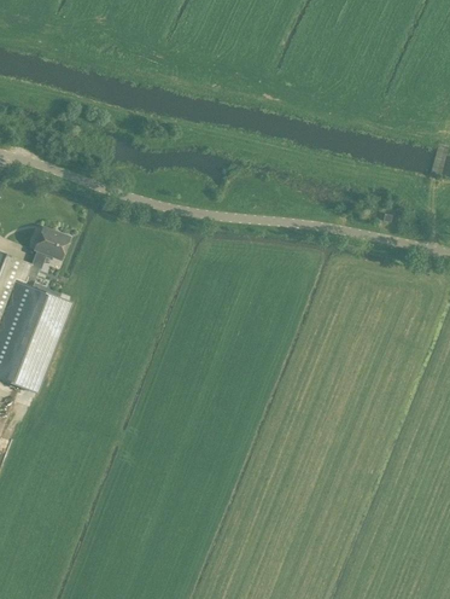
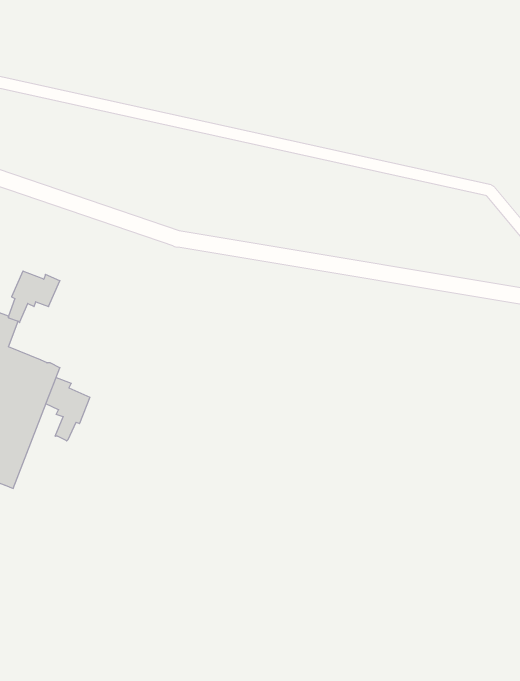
building: none -> [46,378,90,441]

